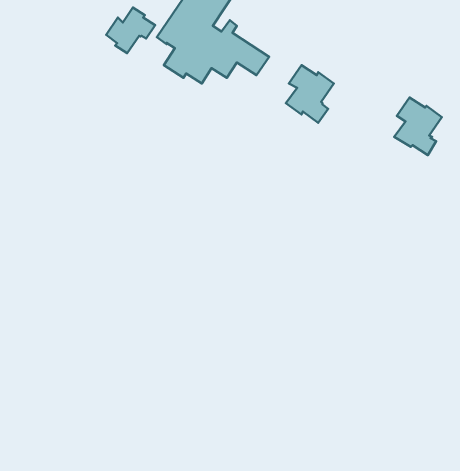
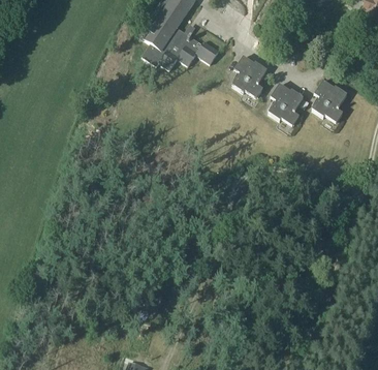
building: [106,7,155,53] -> none
building: none -> [269,83,304,125]

